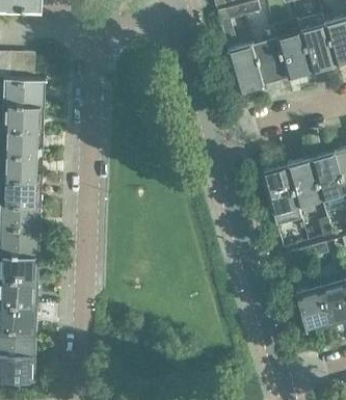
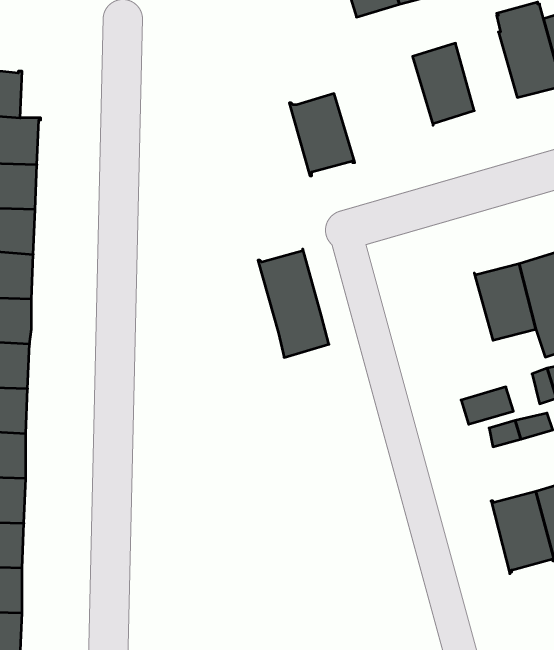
building: [275,33,310,77] -> none
building: [227,47,263,92] -> [289,94,355,176]
building: [261,167,300,228] -> [258,249,329,357]

